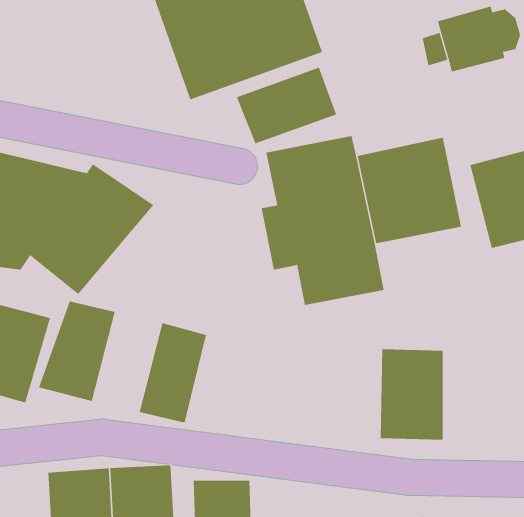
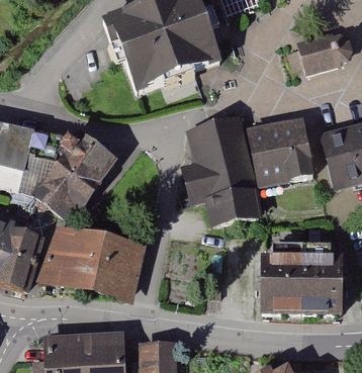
building: [236,67,337,144] -> none
building: none -> [73,229,118,295]
building: none -> [302,255,344,313]

